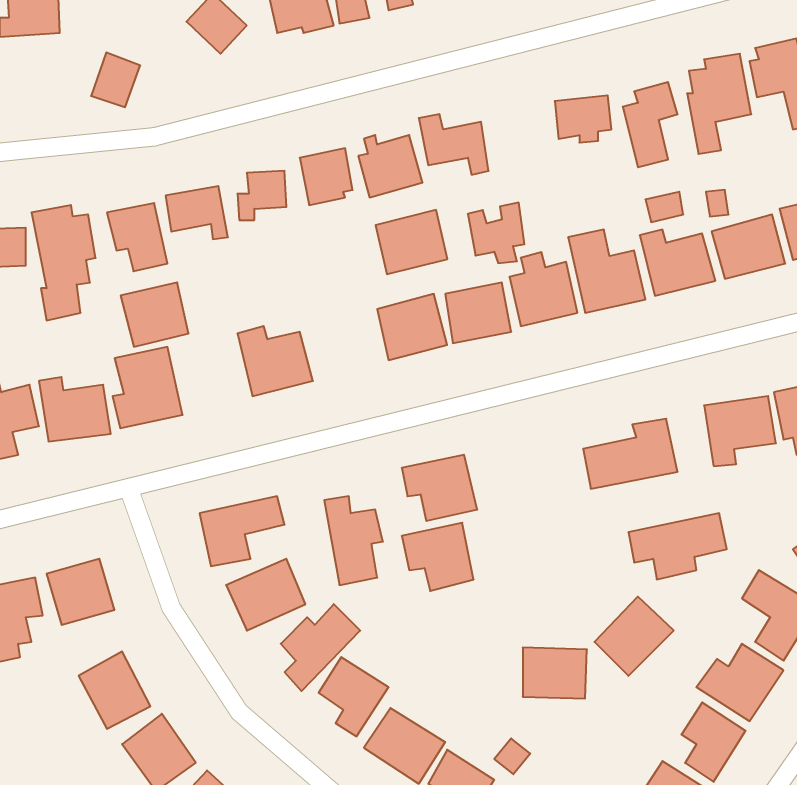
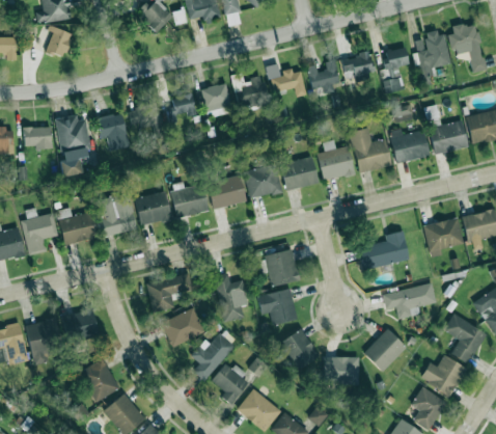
building: [91,52,140,107] -> [45,28,72,58]
building: [468,203,524,263] -> [307,60,338,93]
building: [376,210,447,274] -> [206,174,246,210]
building: [121,282,189,347] -> [134,191,171,226]
building: none -> [280,330,318,371]

